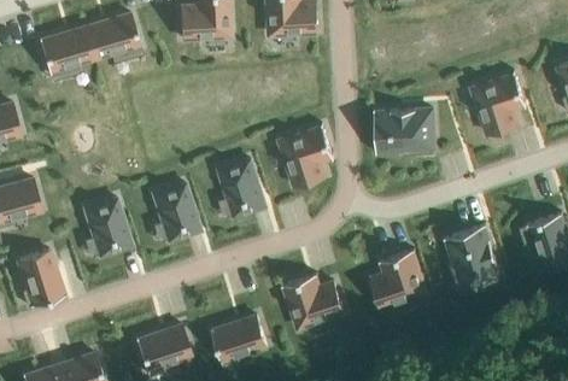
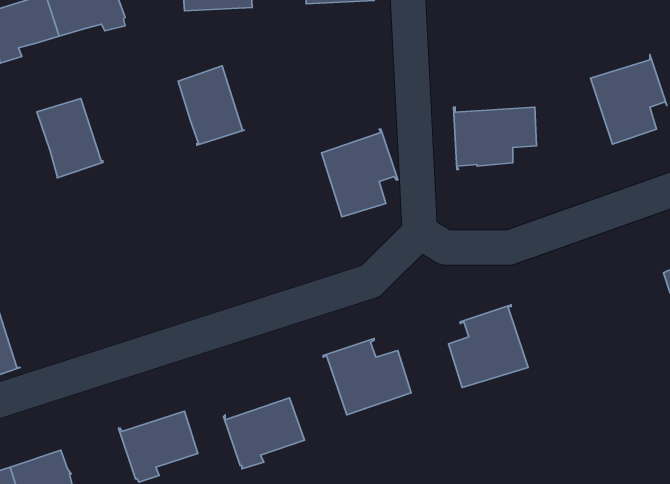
building: [219,158,267,215] -> [178,66,244,145]
building: [153,182,200,239] -> none
building: [84,198,131,254] -> [37,98,103,178]
building: [444,223,502,288] -> none

